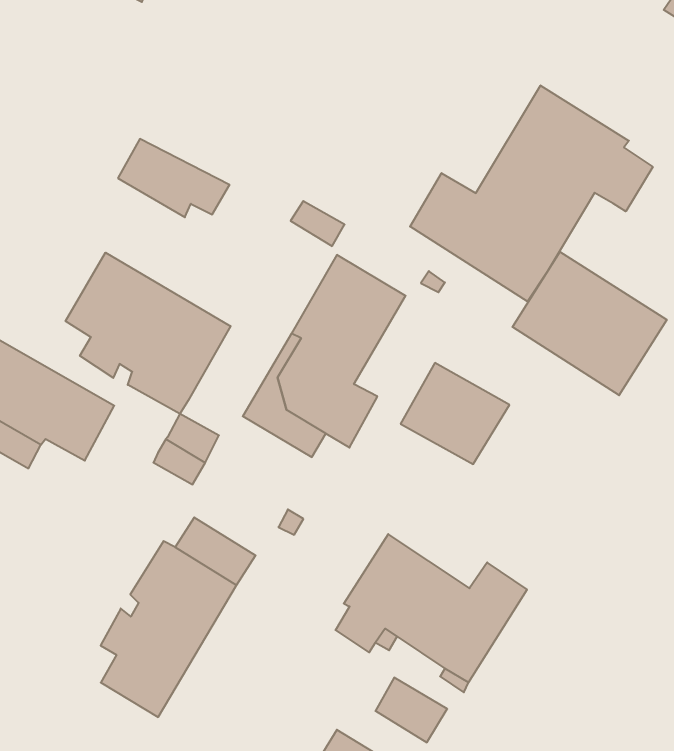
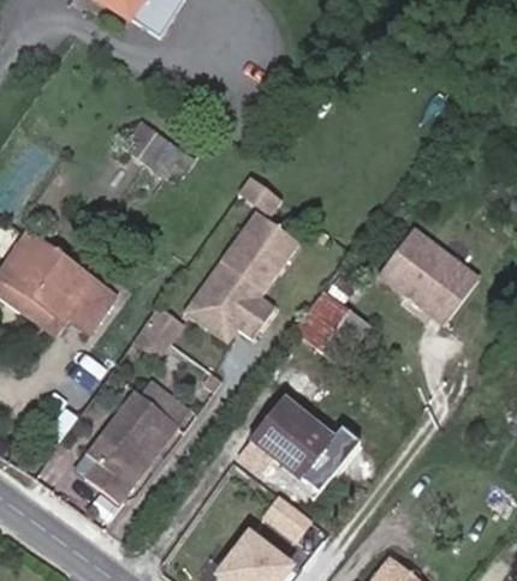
building: [410,85,653,301] -> none
building: [66,253,231,414] -> none

